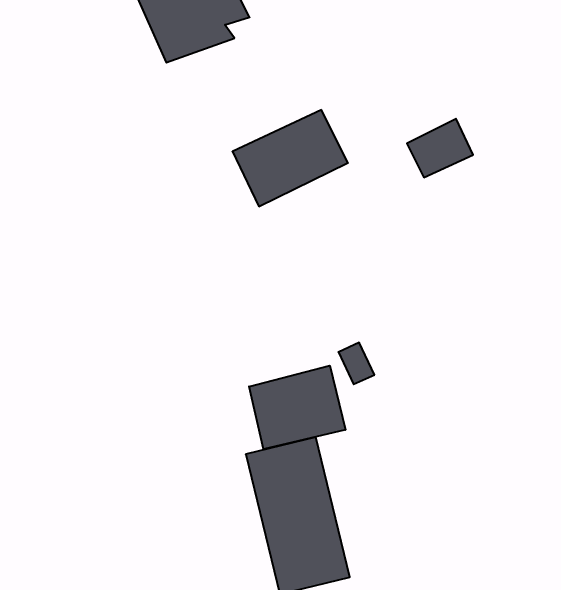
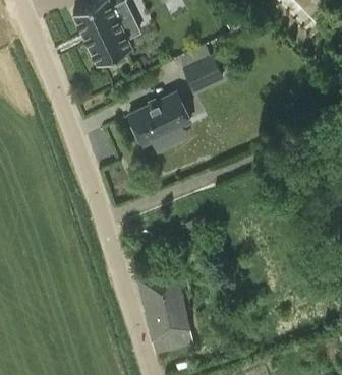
building: [407,119,473,177] -> [186,58,222,89]
building: [249,366,345,449] -> none

